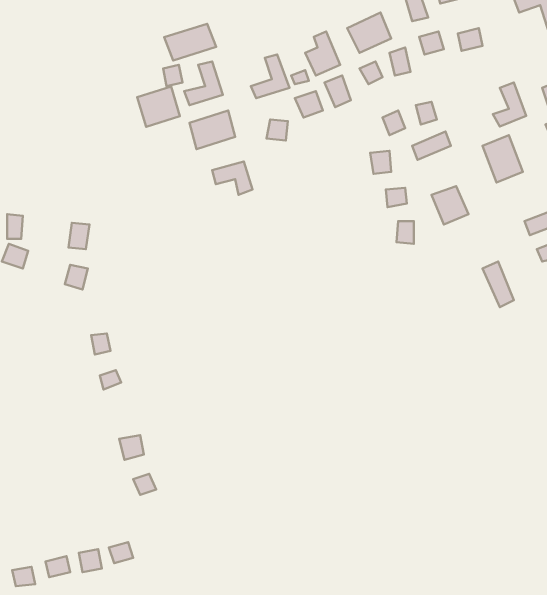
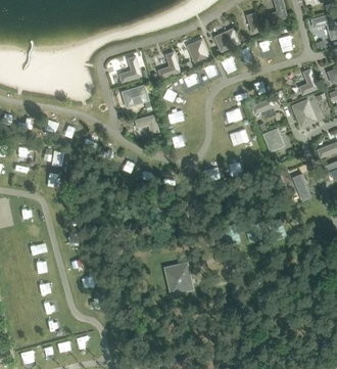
building: [164,24,216,60] -> none
building: [137,87,180,127] -> none
building: none -> [163,262,194,295]

